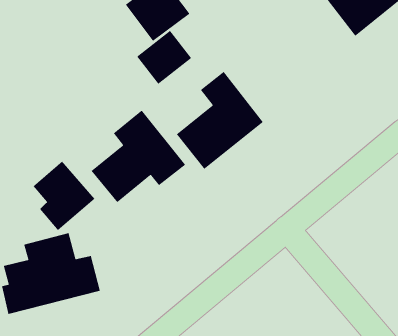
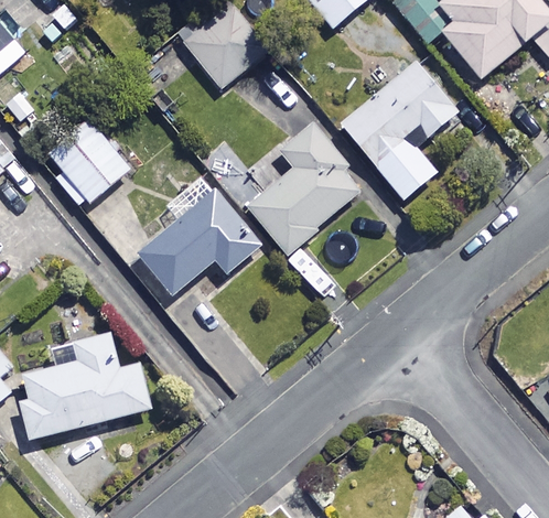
building: none -> [341,63,458,201]
building: [136,30,192,85] -> none
building: [32,161,95,231] -> [50,119,131,211]

